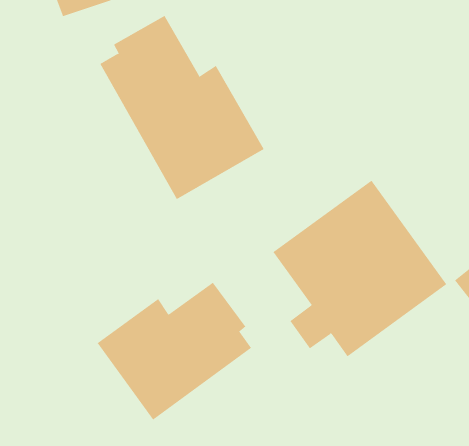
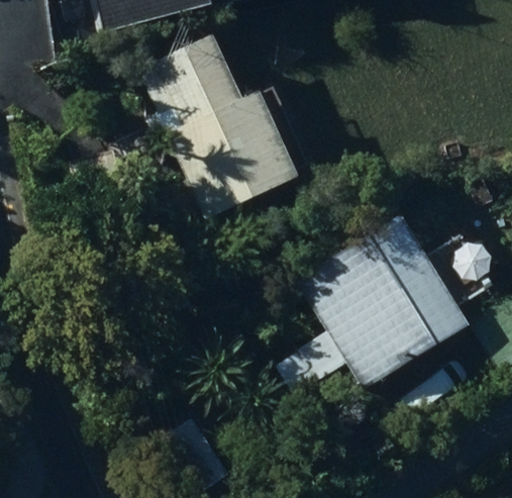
building: [97,282,252,421] -> none

